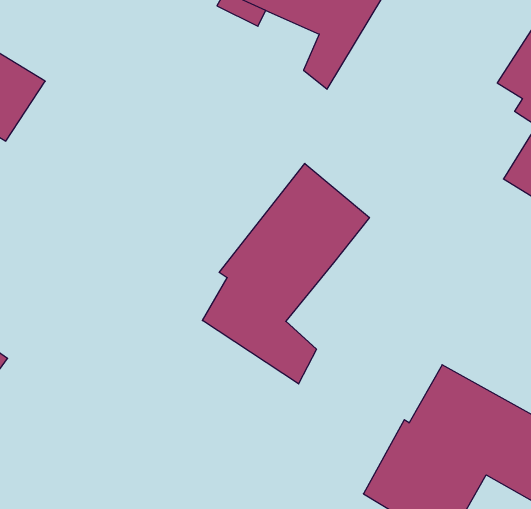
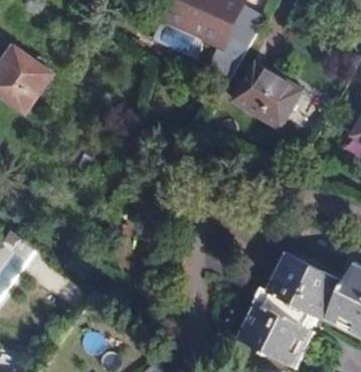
building: none -> [234,66,301,131]
building: [202,163,369,384] -> none

